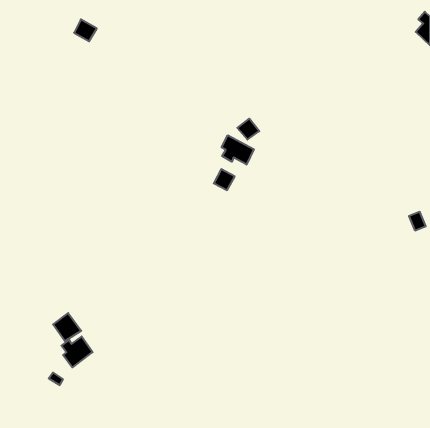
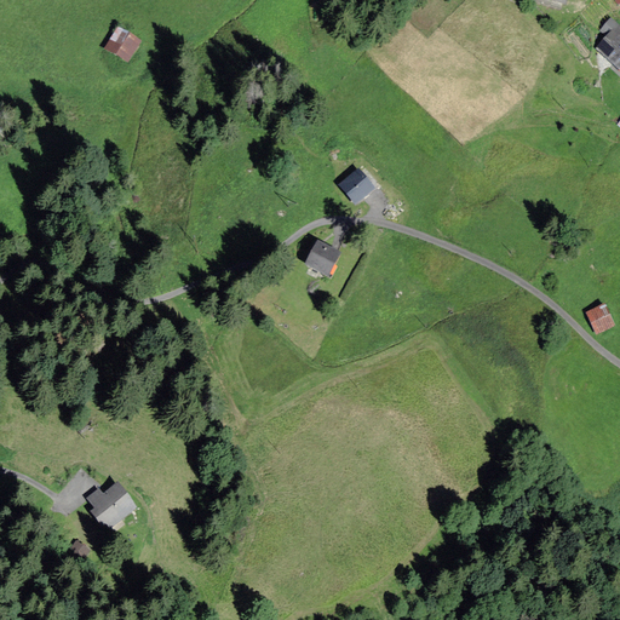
building: [222,135,254,165] -> none
building: [53,313,81,341] -> none

